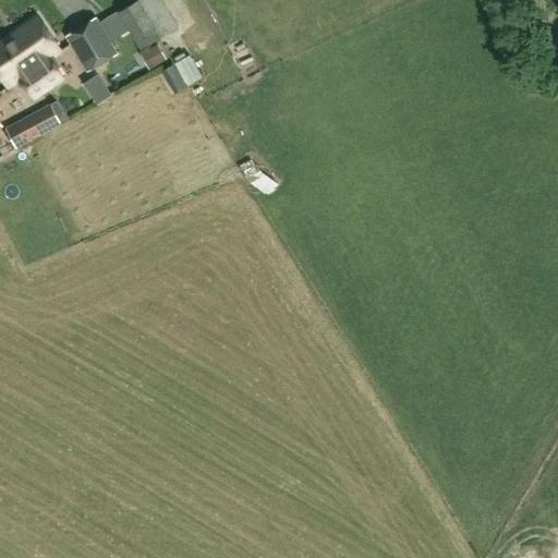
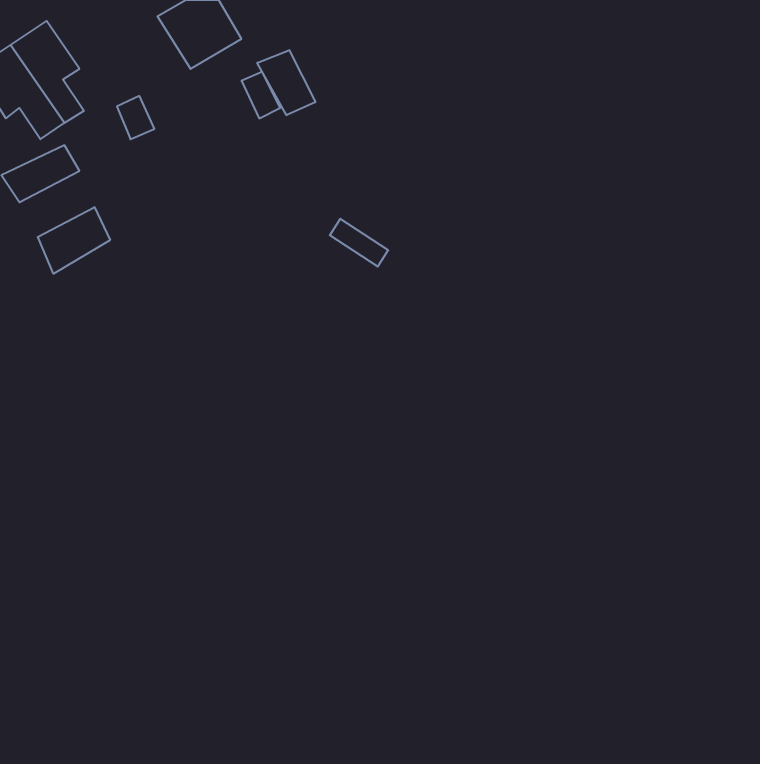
building: [63,19,114,72] -> none
building: none -> [257,50,315,115]
building: none -> [38,207,110,274]

